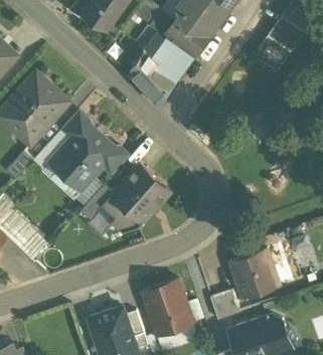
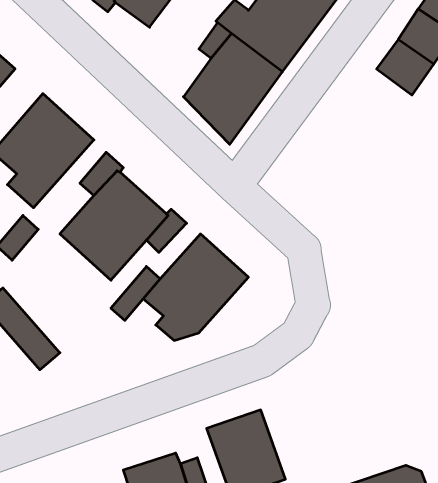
building: [228,248,278,298] -> none
building: [209,289,239,319] -> none

